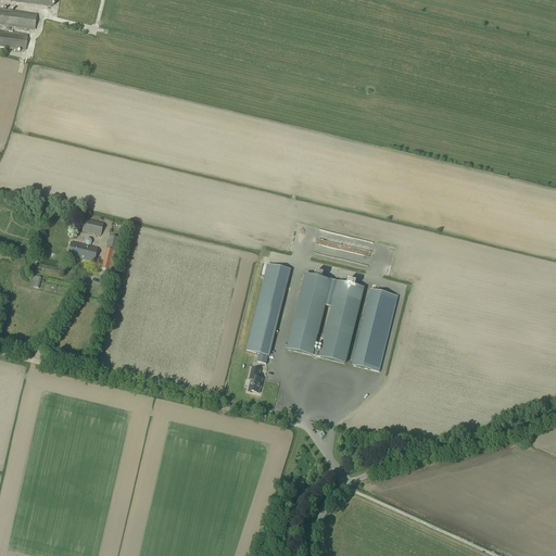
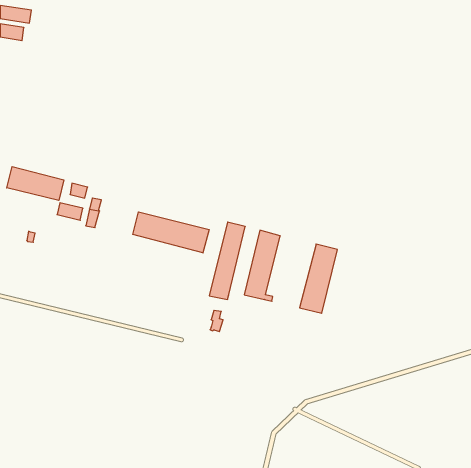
building: none -> [7,167,64,200]
building: none -> [133,212,209,253]
building: [320,280,363,362] -> none

